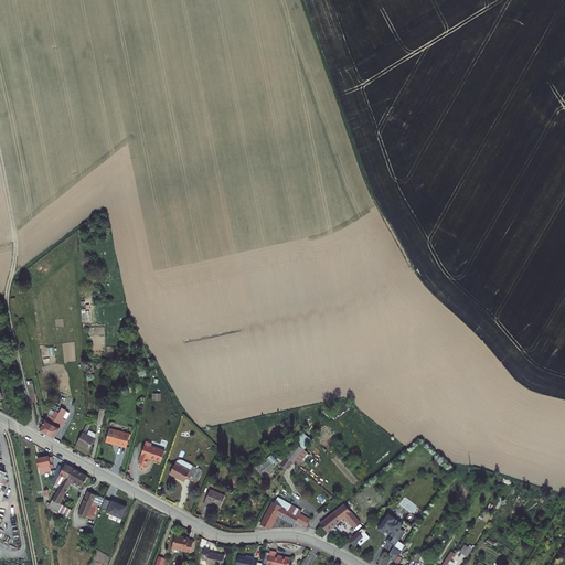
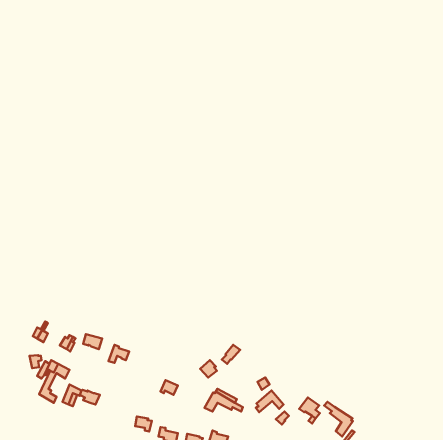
building: [169,460,202,484] -> none
building: none -> [324,402,353,437]

